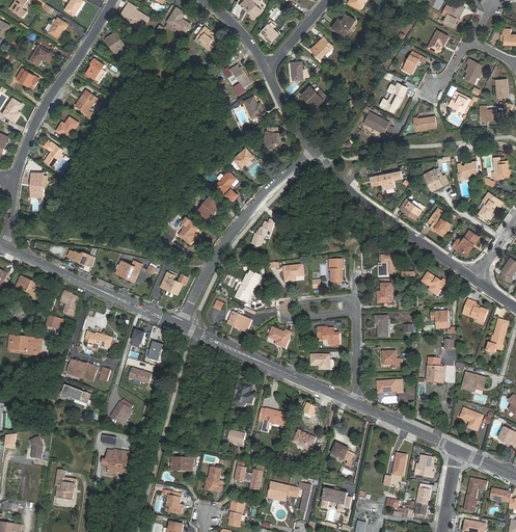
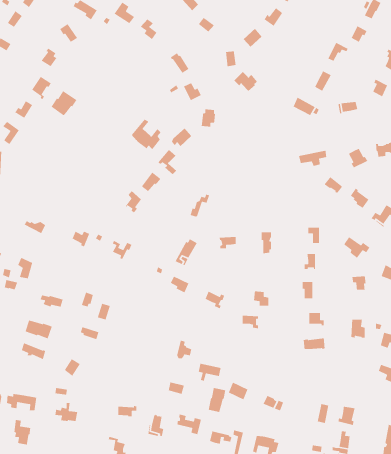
building: none -> [50,90,77,116]
building: none -> [131,119,162,150]
building: none -> [208,387,226,413]
building: none -> [6,393,37,411]

